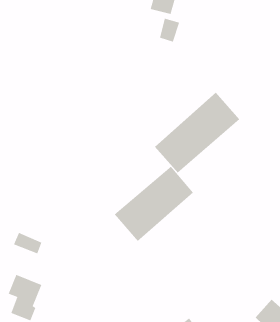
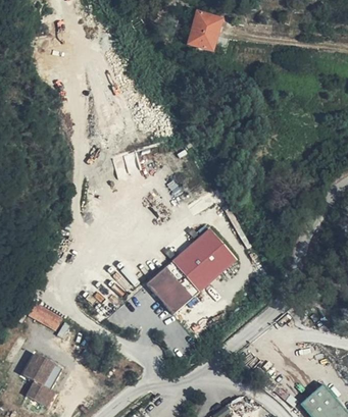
building: [159,18,180,42] -> none
building: [154,92,240,173] -> none

